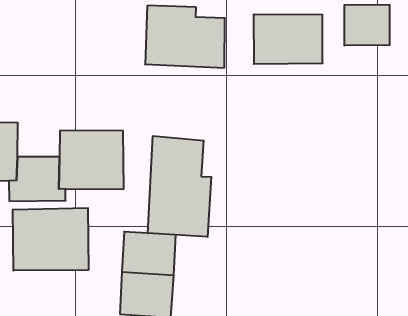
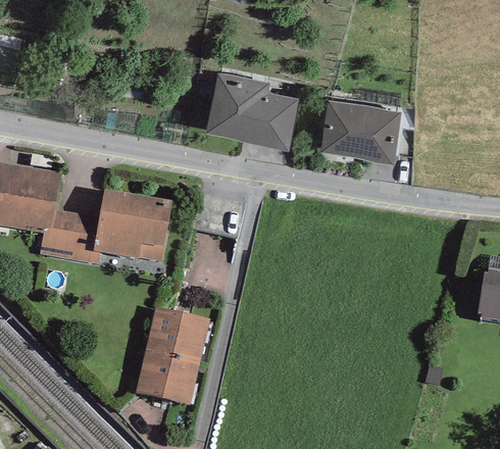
building: [344,5,389,46] -> none
building: [148,136,211,237] -> none
building: [13,208,88,271] -> none

